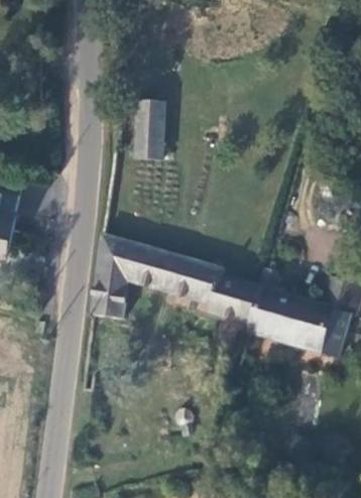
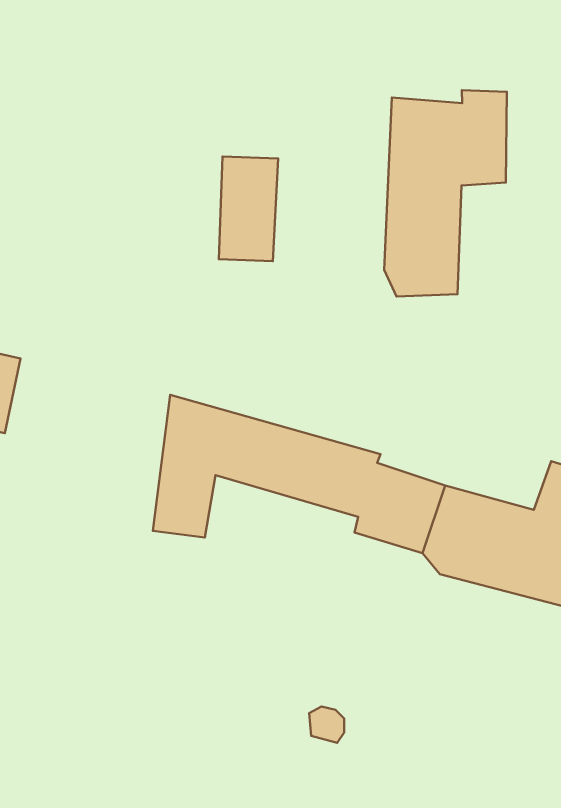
building: none -> [384,90,507,297]

